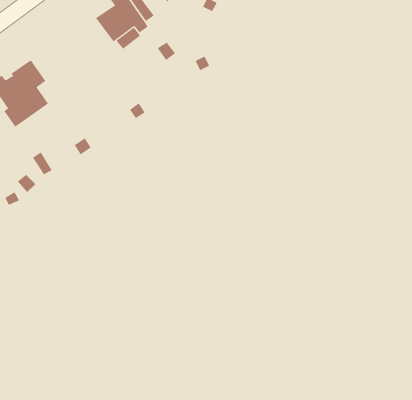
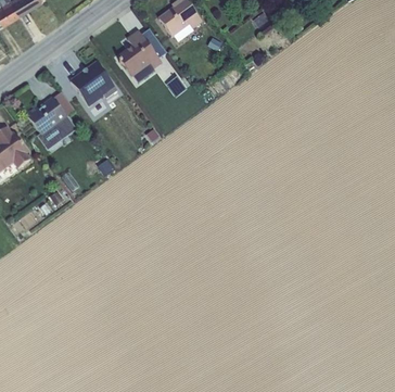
building: none -> [68,62,117,108]

